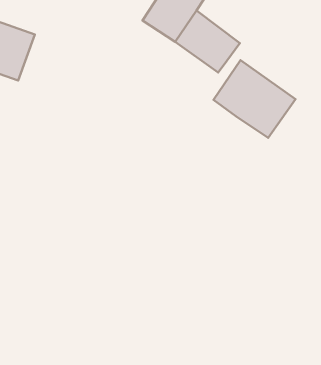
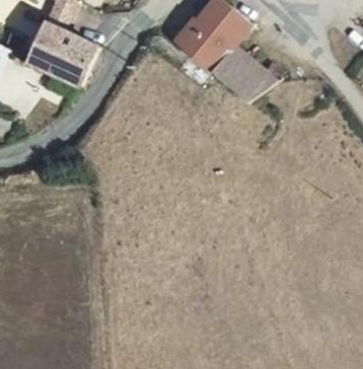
building: [214,60,296,138] -> none

